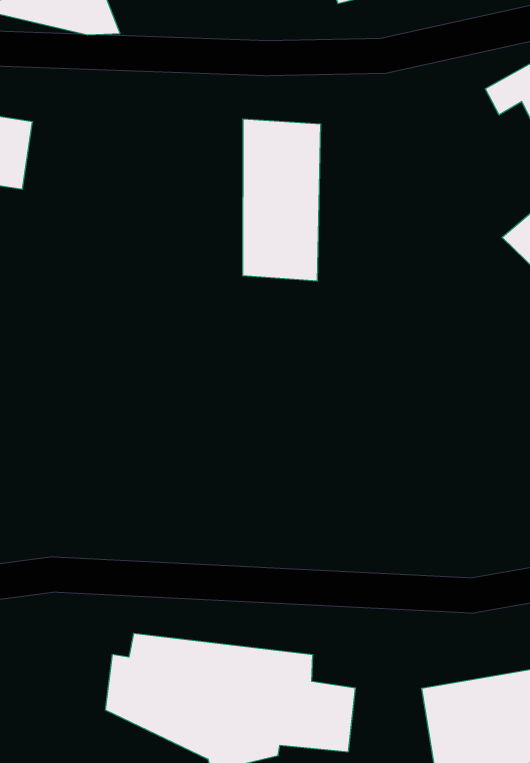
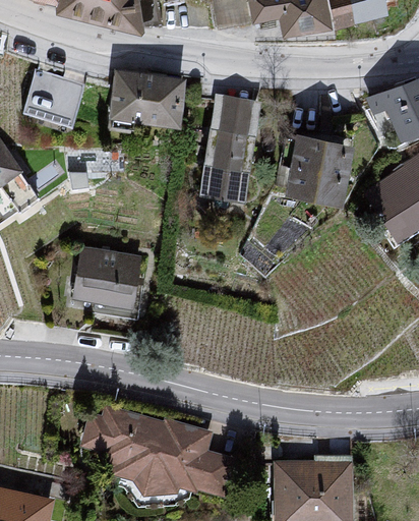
building: none -> [110,71,185,128]
building: none -> [289,132,357,204]
building: none -> [72,247,141,320]

